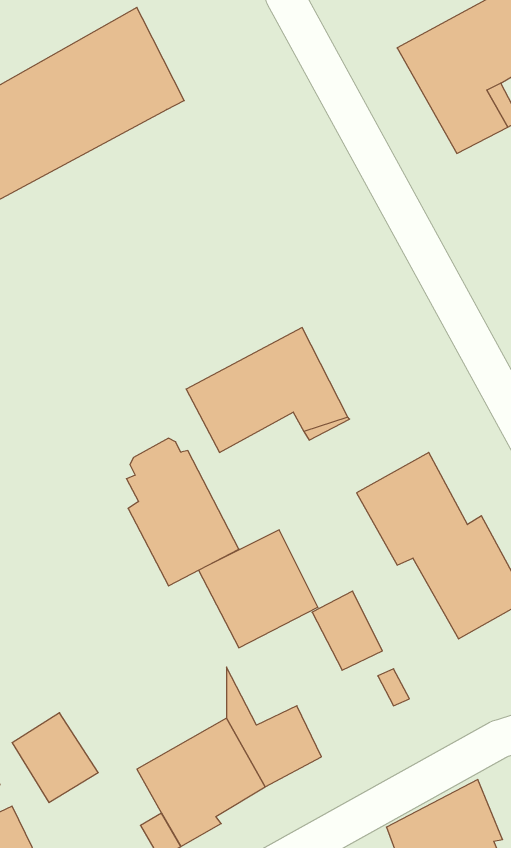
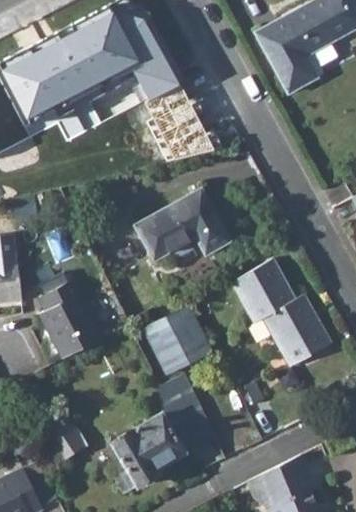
building: none -> [112,14,214,159]
building: [126,438,239,586] -> [39,274,103,358]
building: [312,591,382,670] -> [160,371,200,416]

